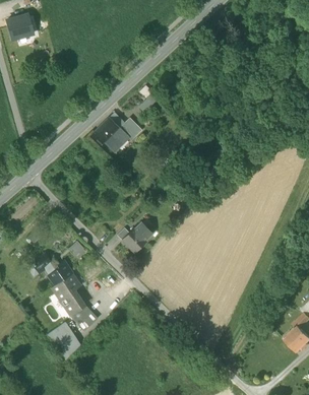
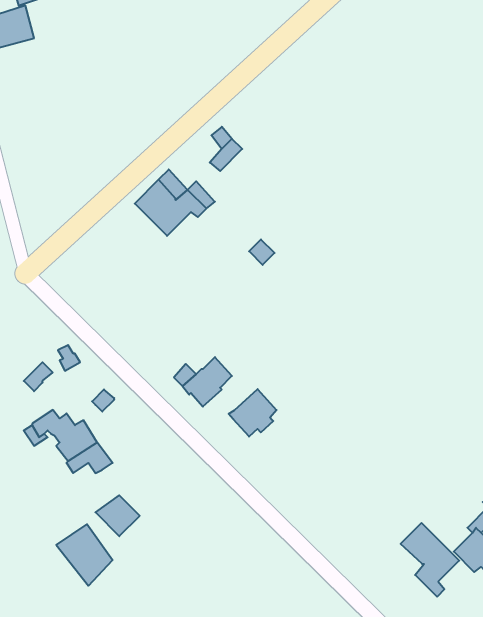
building: none -> [229,389,277,437]
building: [55,286,84,316] -> none
building: none -> [401,523,459,597]

